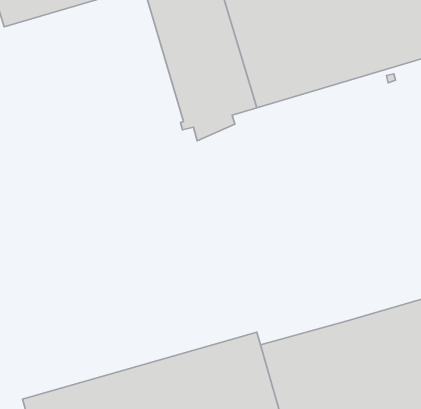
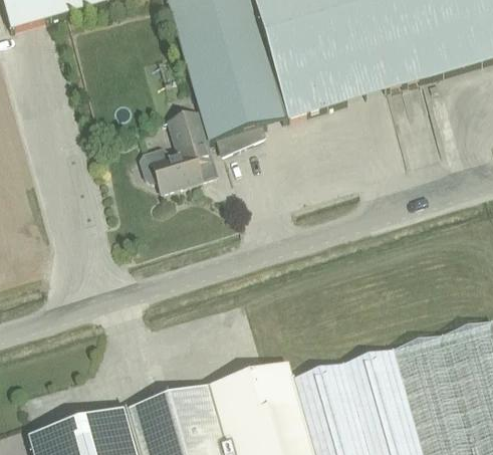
building: none -> [140,111,216,192]

